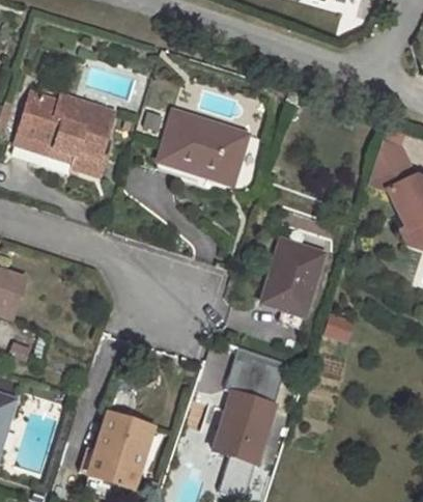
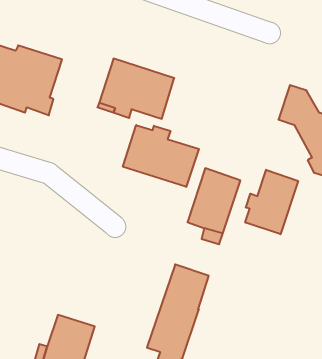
building: none -> [123,125,199,187]
building: none -> [245,170,298,234]

